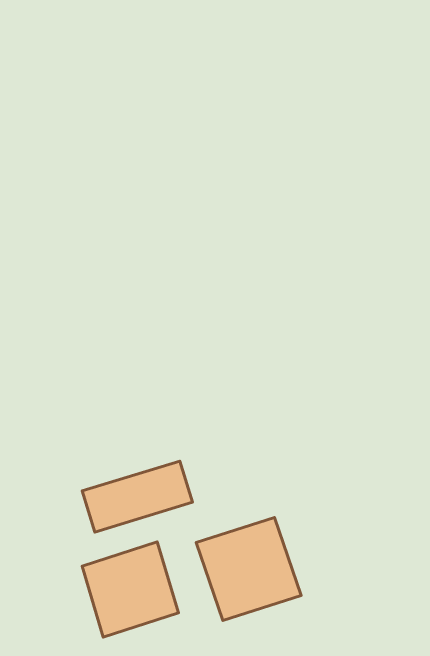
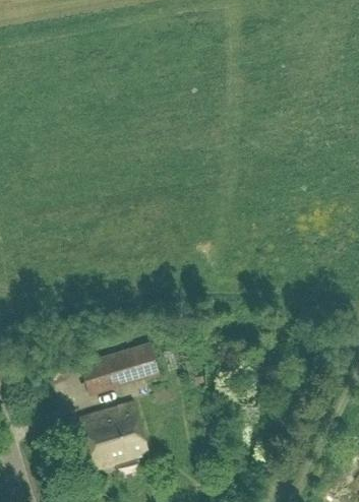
building: [196,517,301,621] -> none

